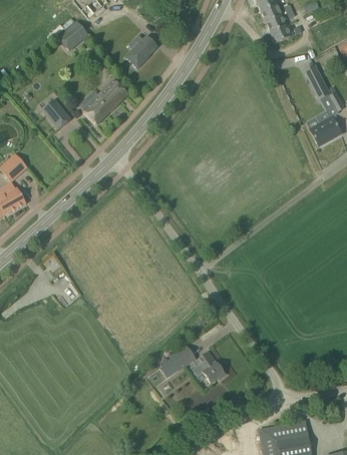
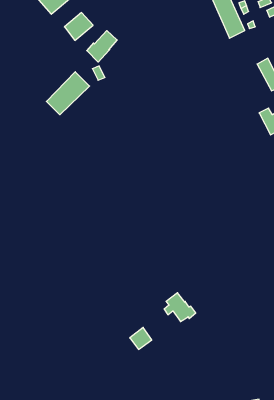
building: [58,21,88,50] -> [64,13,93,40]
building: [42,98,71,128] -> none
building: [194,352,227,382] -> [164,293,196,322]

